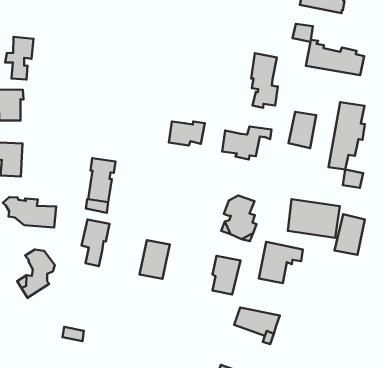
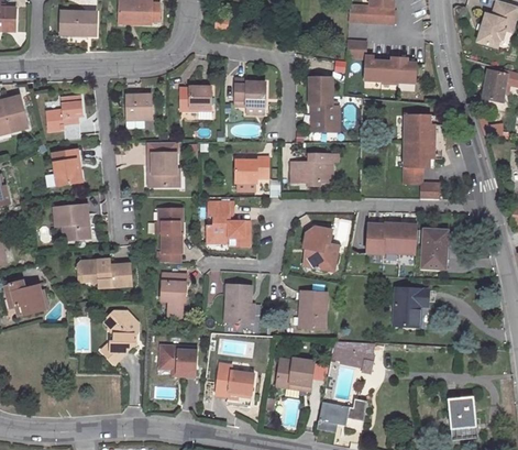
building: none -> [235,79,266,107]
building: none -> [128,95,152,128]
building: none -> [180,87,211,110]
building: none -> [150,153,179,187]
building: [289,112,316,148] -> none
building: none -> [207,204,250,245]
building: [259,242,303,283] -> [394,287,434,327]
building: none -> [161,347,197,376]
building: none -> [216,364,254,402]
building: none -> [276,359,312,388]

